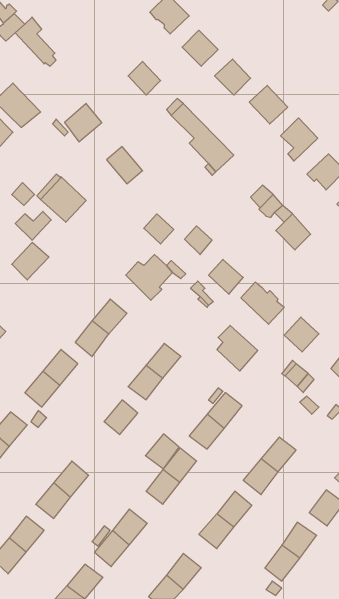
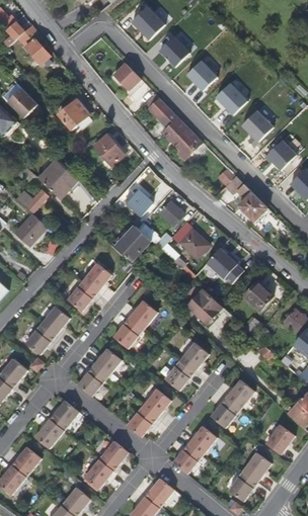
building: [145,434,179,469] -> [77,366,105,396]

